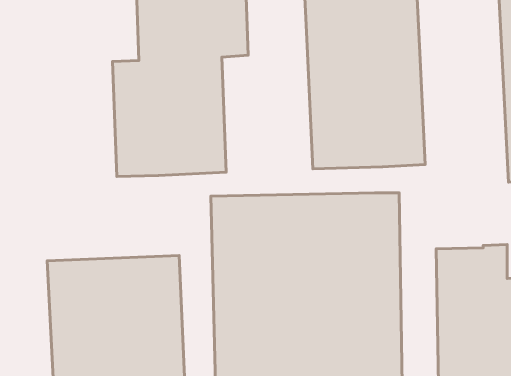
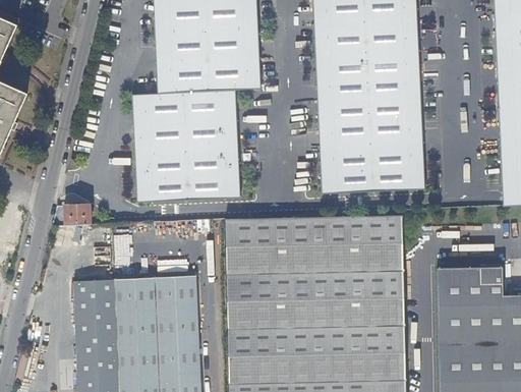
building: none -> [66,205,92,224]

